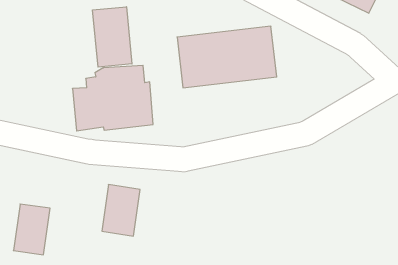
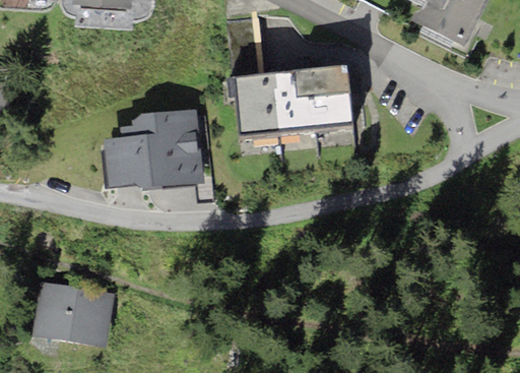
building: [93,7,132,67] -> none
building: [102,185,140,236] -> [68,285,115,348]

